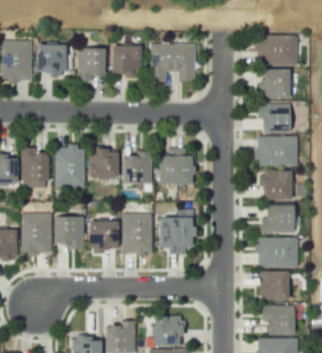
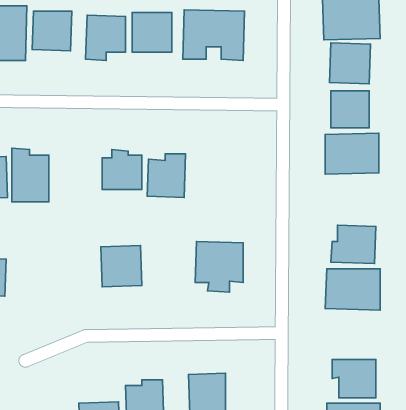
building: [53,145,84,187] -> none
building: [160,147,194,184] -> none
building: [261,169,291,200] -> none
building: [21,212,50,253] -> none
building: [120,212,151,253] -> none
building: [56,215,83,249] -> none
building: [259,270,289,300] -> none

